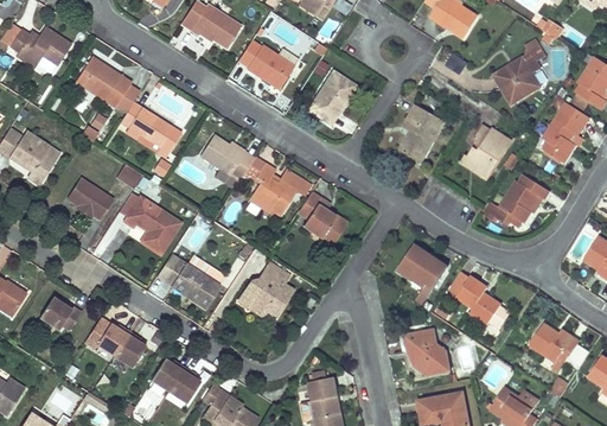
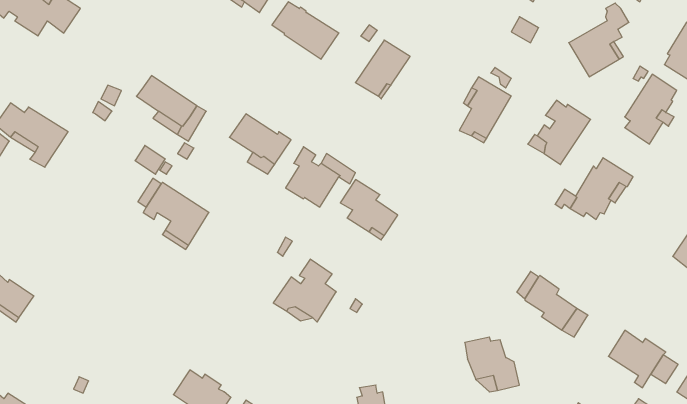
building: [75,56,138,114] -> none
building: [69,178,115,220] -> none
building: [397,247,447,287] -> none
building: [167,256,223,306] -> none
building: [43,297,85,331] -> none
building: [97,322,146,367] -> none

